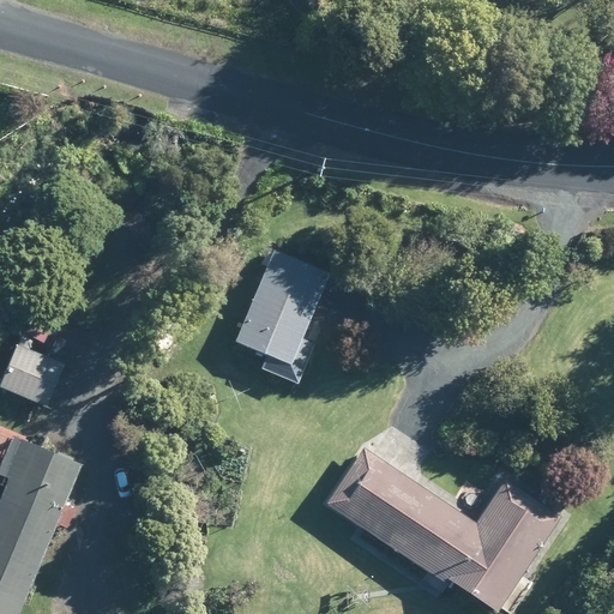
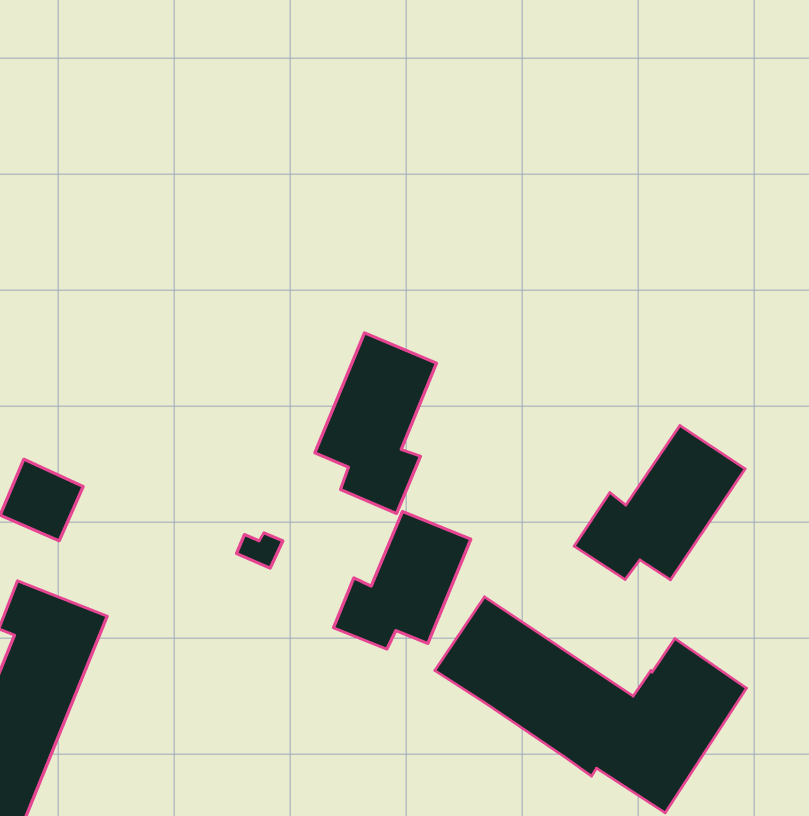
building: none -> [574,426,745,580]
building: none -> [333,511,471,649]

